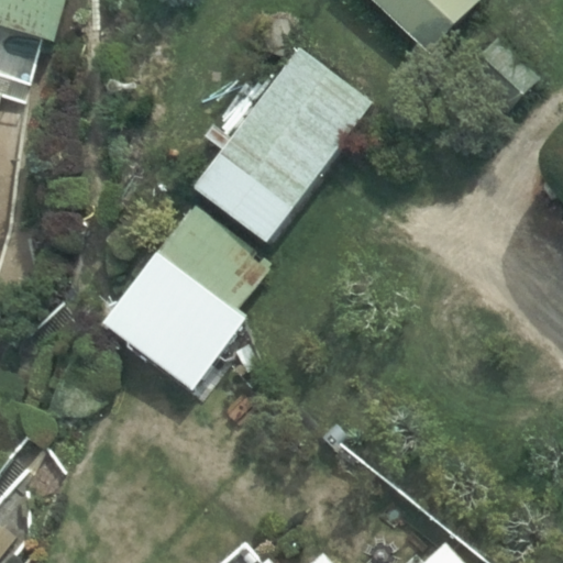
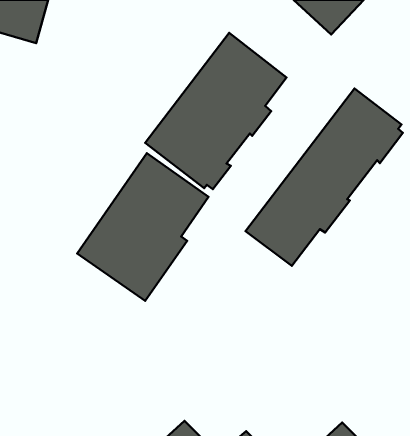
building: none -> [246,89,403,266]

